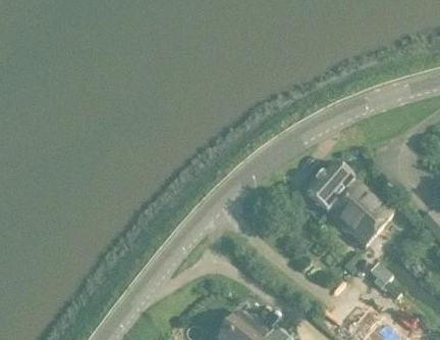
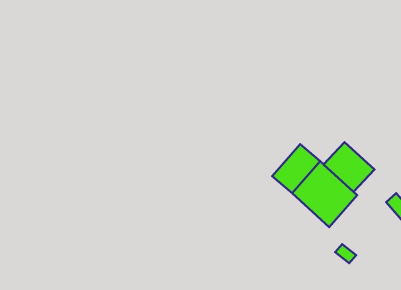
building: none -> [324,142,374,192]

